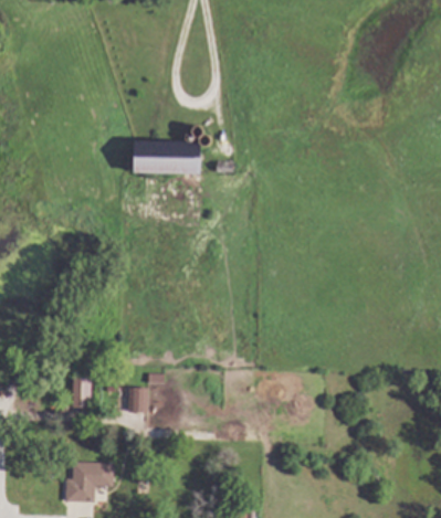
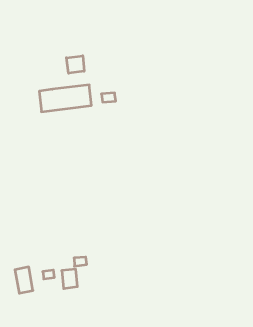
building: none -> [66,56,84,73]

